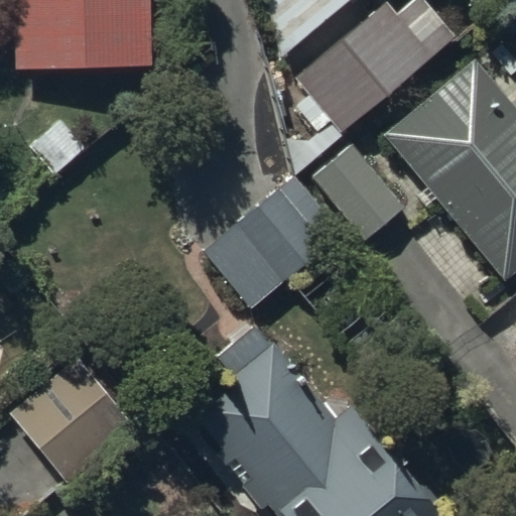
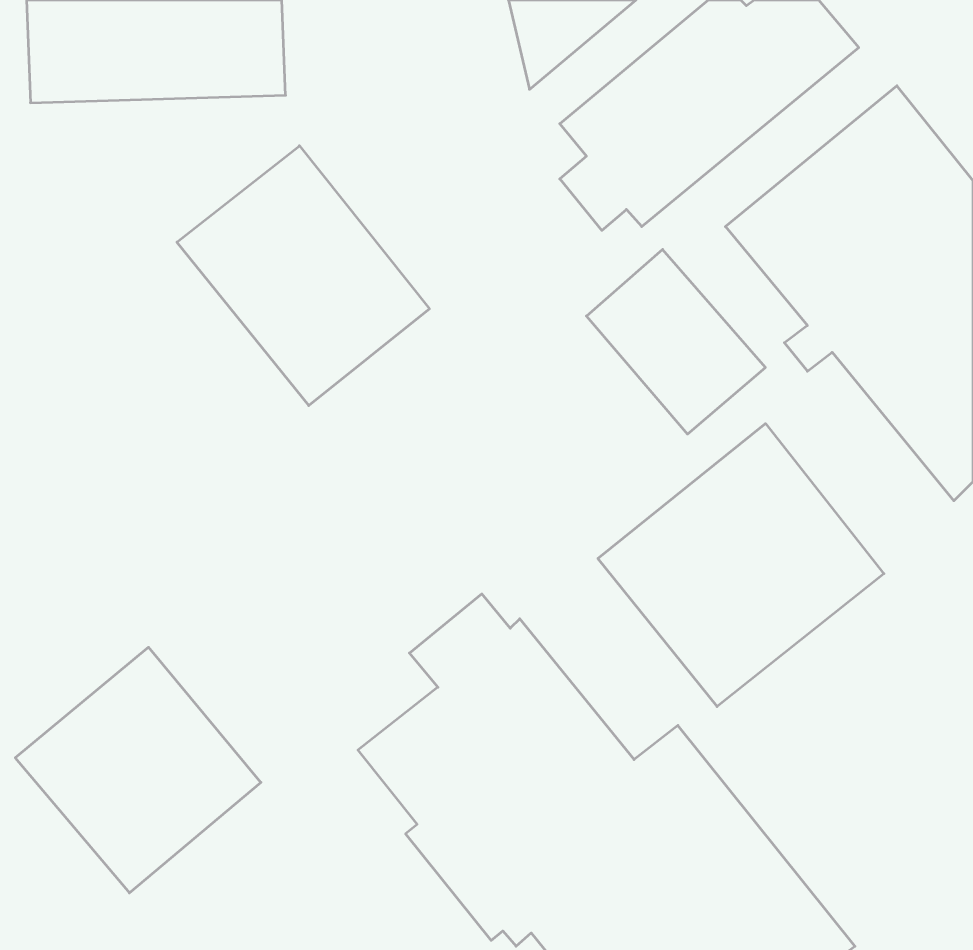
building: none -> [177,146,429,406]
building: [203,175,344,311] -> none
building: none -> [598,424,884,707]

